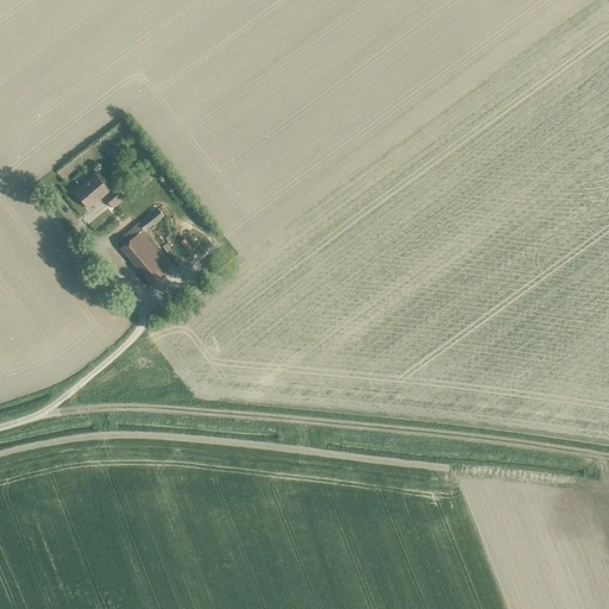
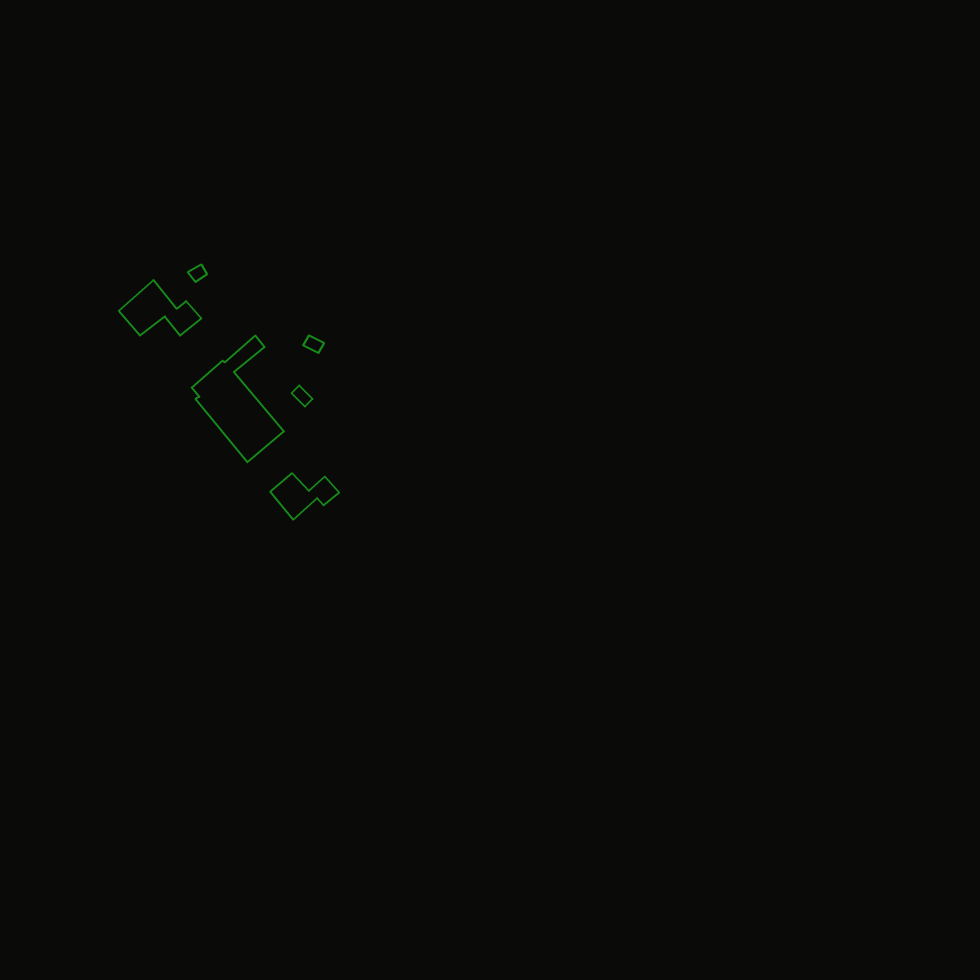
building: none -> [270,473,339,520]

